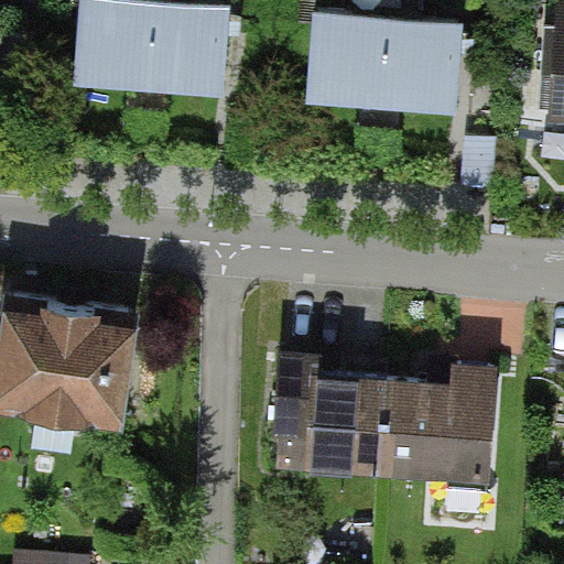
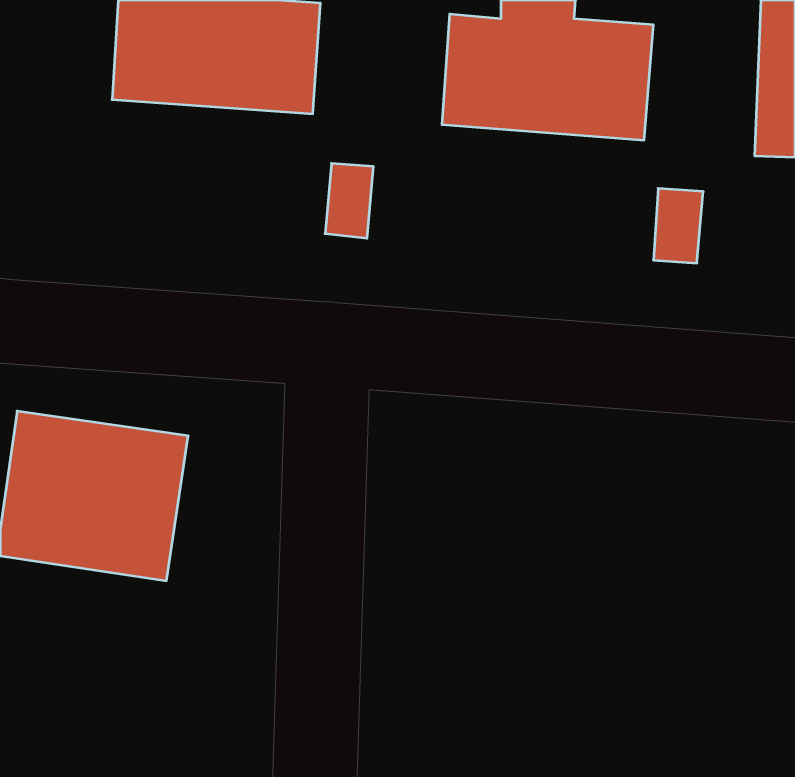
building: [278,364,498,484] -> none

